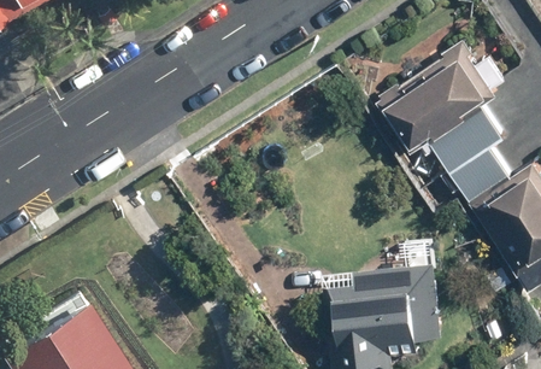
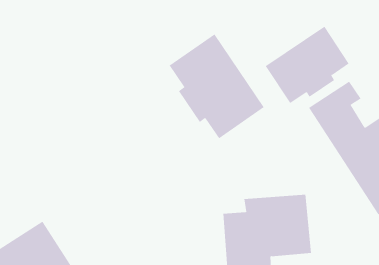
building: none -> [169,34,265,139]

